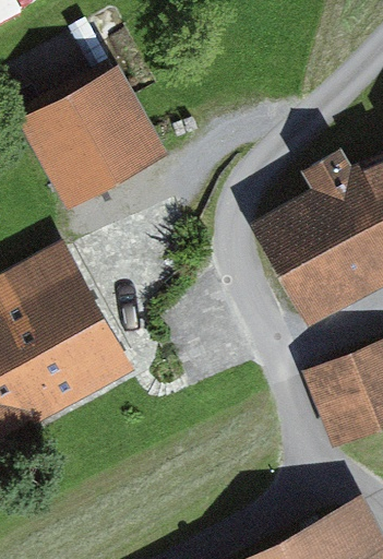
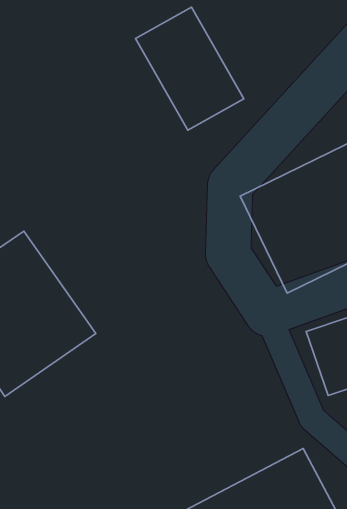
building: none -> [136,7,244,130]
building: [7,60,154,207] -> none

